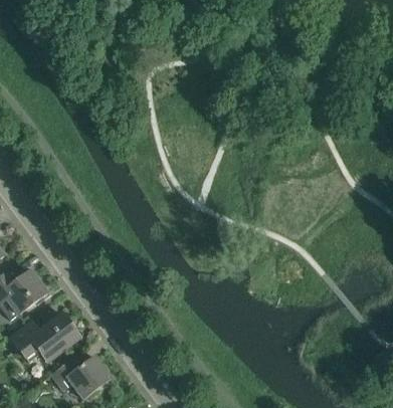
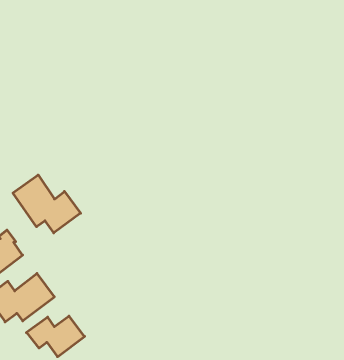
building: none -> [13,175,81,233]

